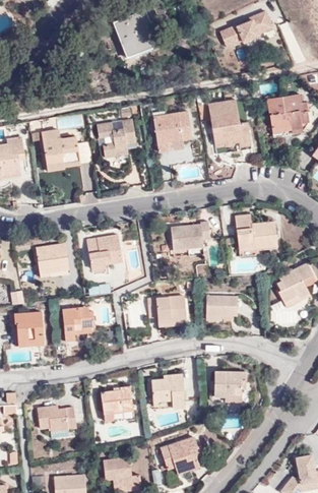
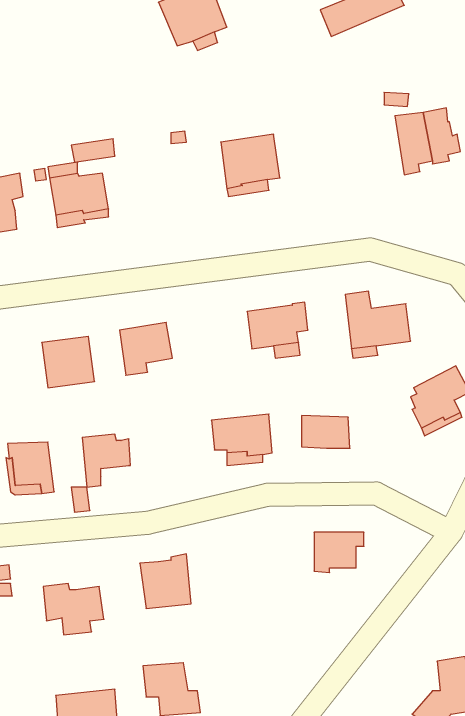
building: [210,99,252,155] -> none
building: [97,118,136,158] -> none
building: [151,373,184,409] -> none
building: [160,435,204,474] -> none

